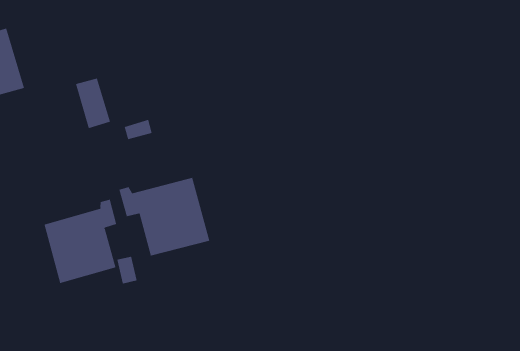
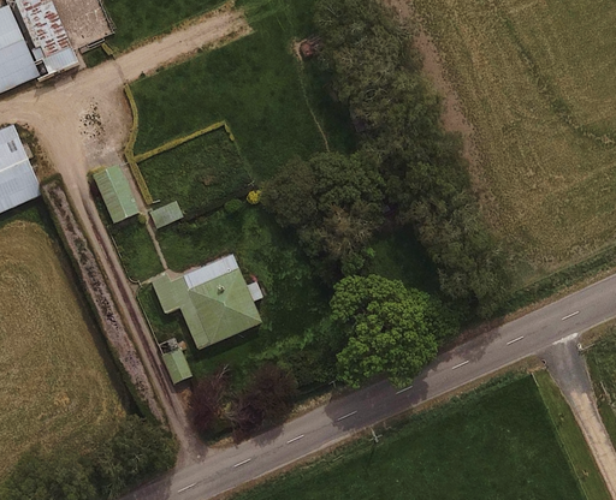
building: [44,199,117,284] -> none

